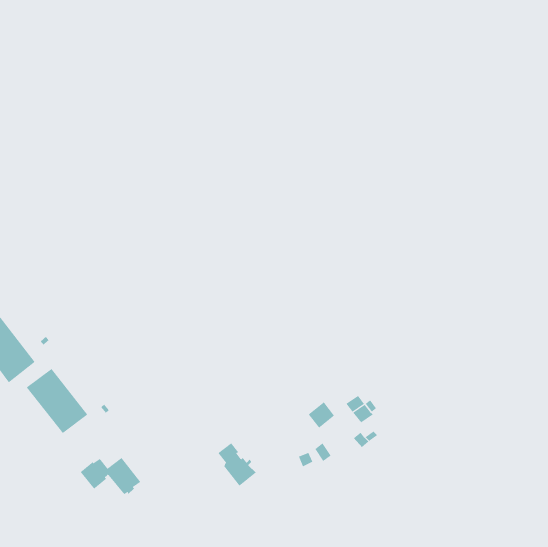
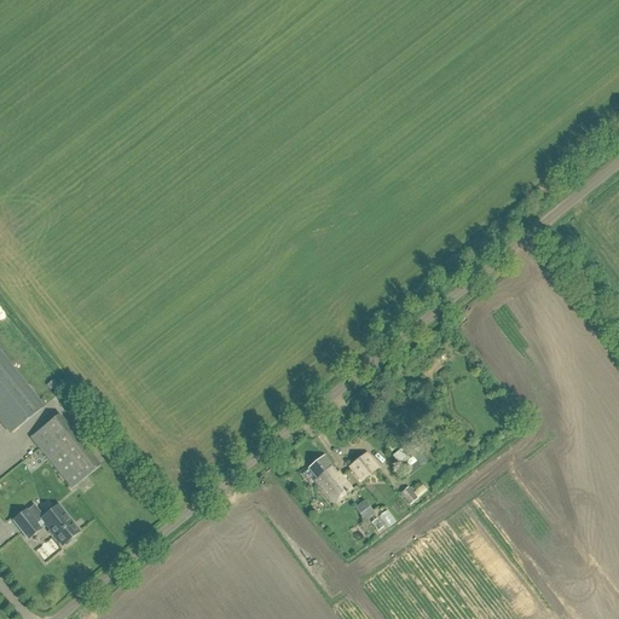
building: [218,442,256,487] -> [307,452,351,502]
building: [80,457,141,495] -> [10,502,79,544]

